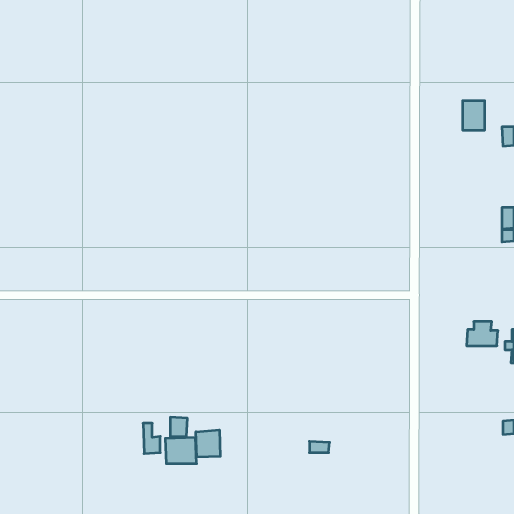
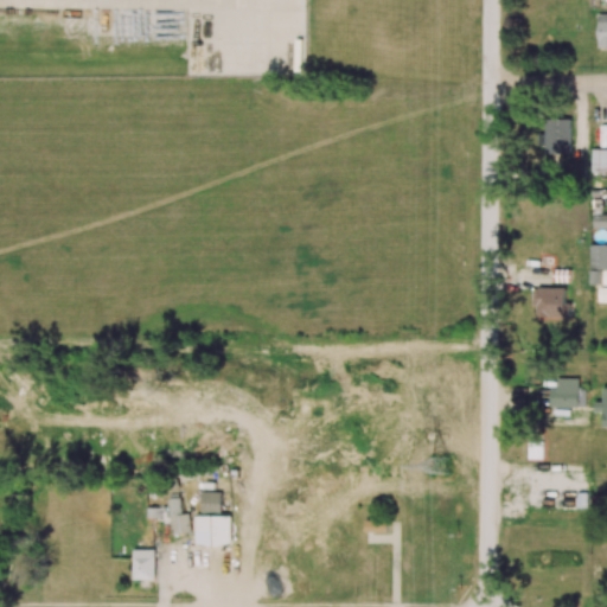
building: none -> [532,288,570,318]
building: [196,430,220,457] -> none
building: none -> [132,550,154,581]

